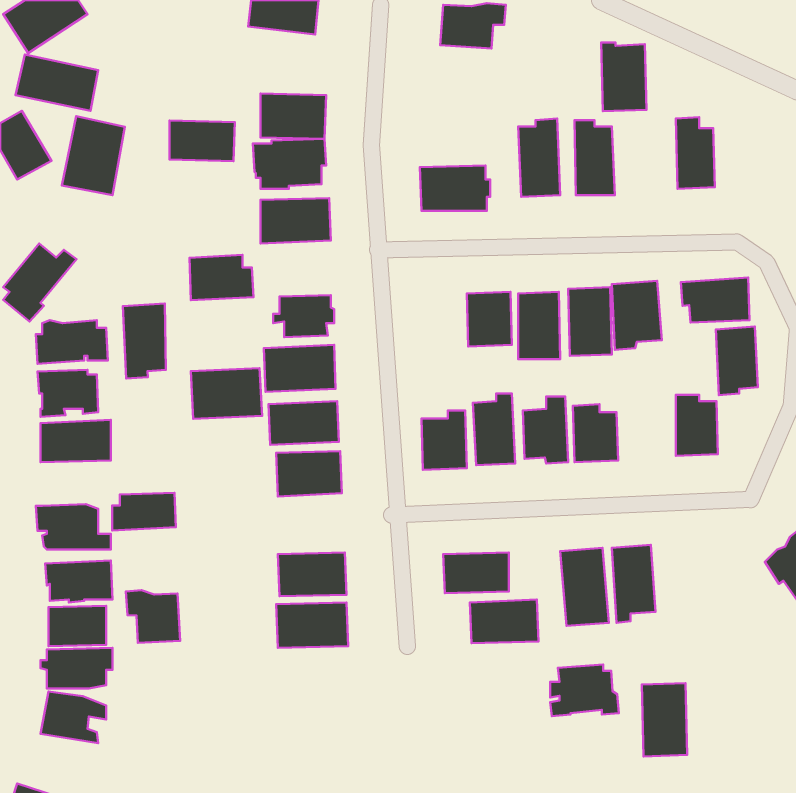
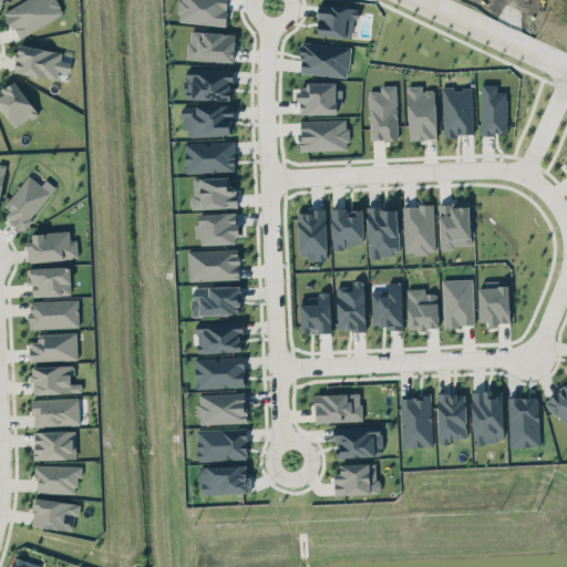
building: [601,43,647,111] -> [443,90,475,138]
building: none -> [299,41,350,76]
building: none -> [297,82,341,113]
building: [62,116,125,195] -> none
building: [169,121,235,161] -> [189,34,236,63]
building: [189,255,253,300] -> [193,179,238,212]
building: [681,278,749,323] -> none
building: none -> [296,207,327,261]
building: [123,303,166,378] -> none
building: [716,326,758,395] -> [442,279,472,328]
building: [191,368,262,419] -> none
building: [112,493,176,530] -> [30,333,75,360]
building: none -> [193,357,241,389]
building: none -> [509,400,540,450]
building: [126,590,180,643] -> none
building: none -> [198,464,250,495]
building: [550,665,619,716] -> [332,458,381,495]
building: [642,683,687,756] -> [473,393,505,445]

